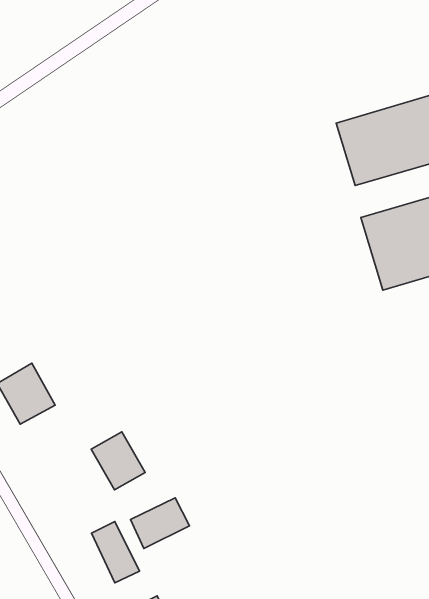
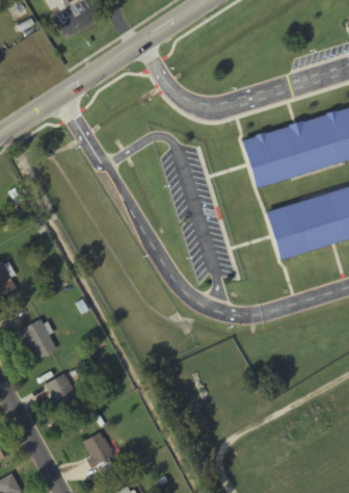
building: [91,432,145,490] -> [39,365,78,407]
building: [130,498,190,549] -> none

